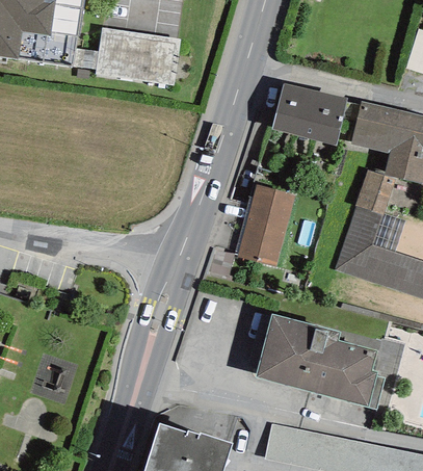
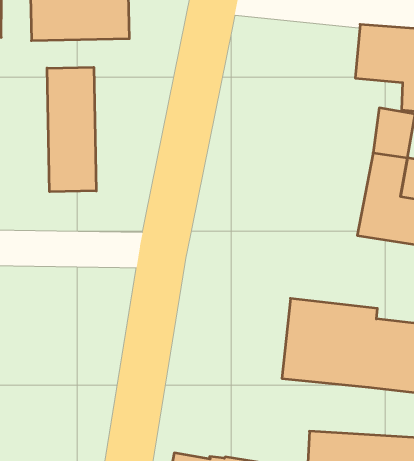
building: [271,84,346,146] -> none
building: none -> [47,67,96,192]
building: [236,183,294,266] -> none

